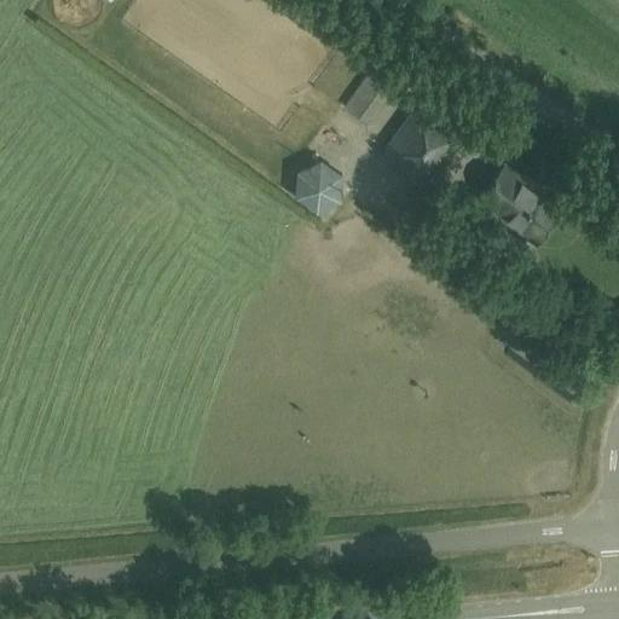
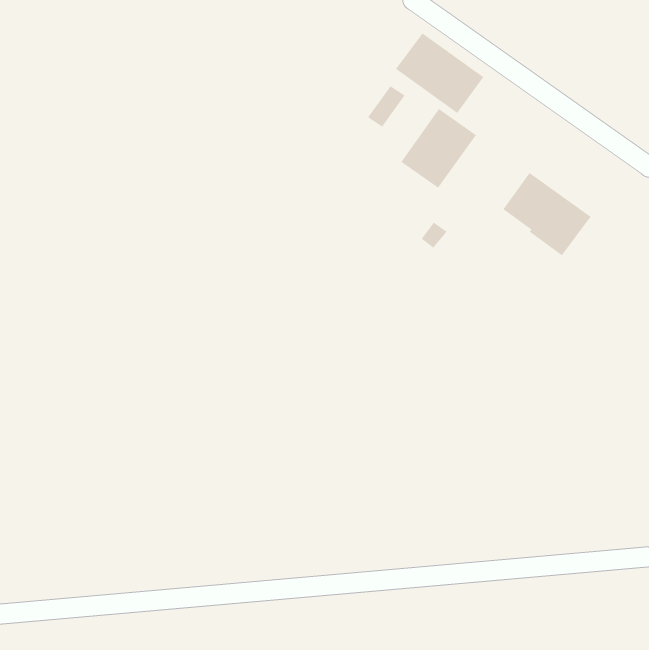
building: none -> [395,32,484,114]
building: [302,167,341,208] -> none

